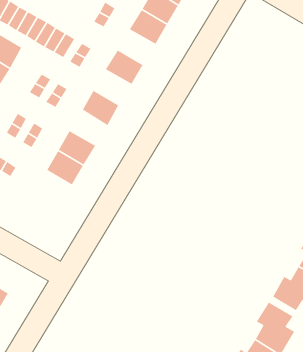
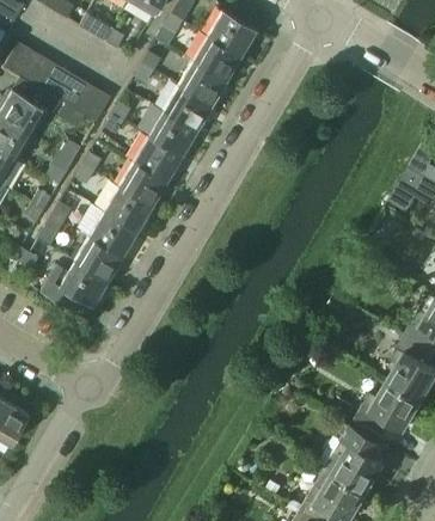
building: none -> [163,86,210,130]
building: none -> [133,136,180,180]
building: none -> [103,186,151,231]
building: none -> [39,262,106,312]

